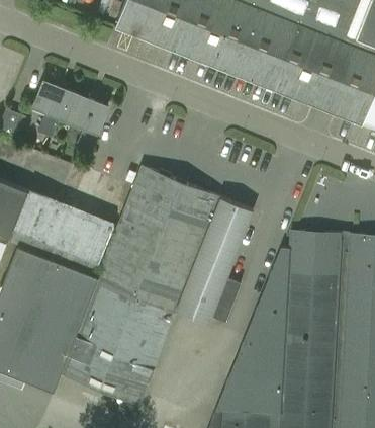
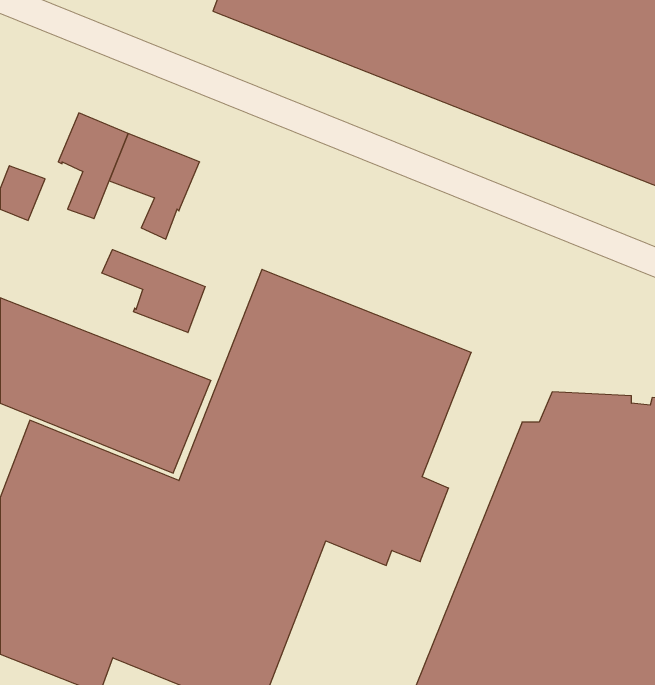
building: none -> [102,250,205,333]

